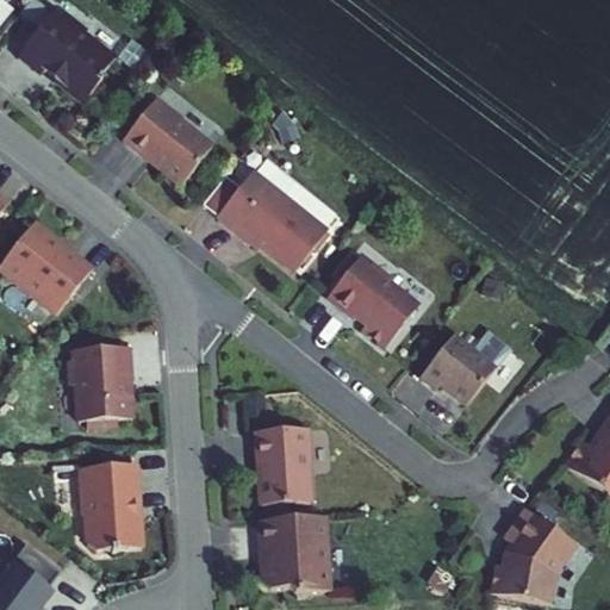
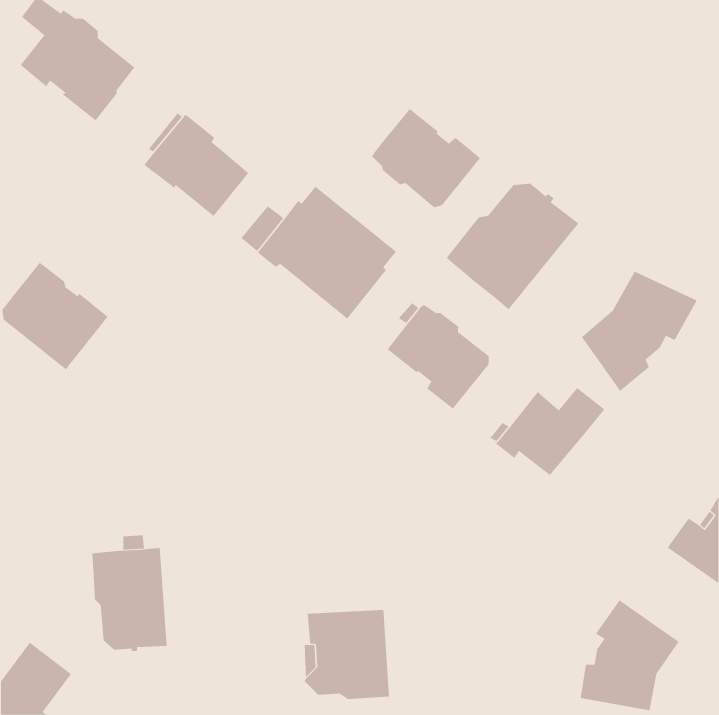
building: none -> [371,108,481,208]
building: none -> [446,183,579,310]
building: none -> [581,271,697,392]
building: [69,347,132,427] -> none
building: [254,428,311,505] -> none

